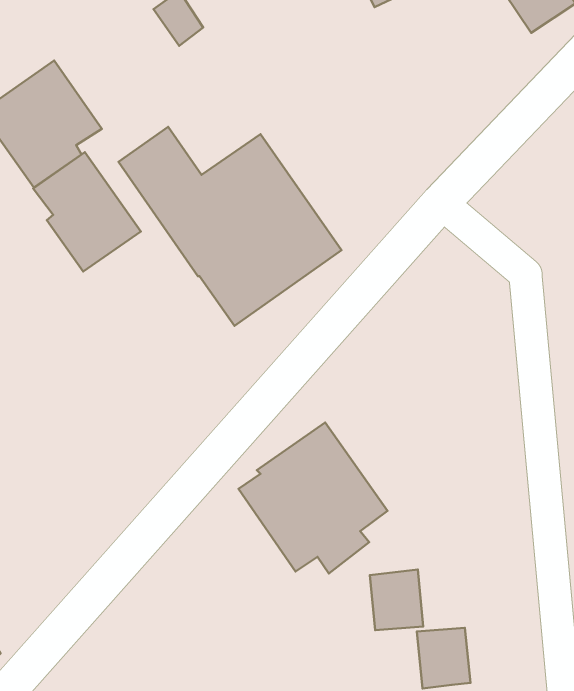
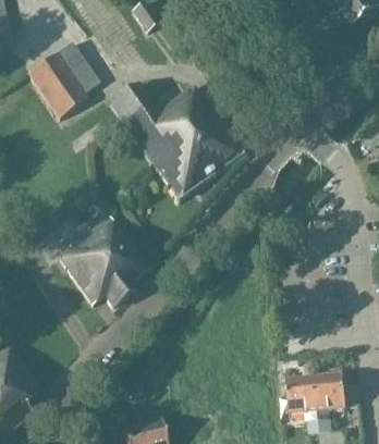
building: [33,152,141,272] -> none
building: [238,422,388,573] -> [58,215,146,305]
building: [370,570,423,630] -> [314,373,345,409]

